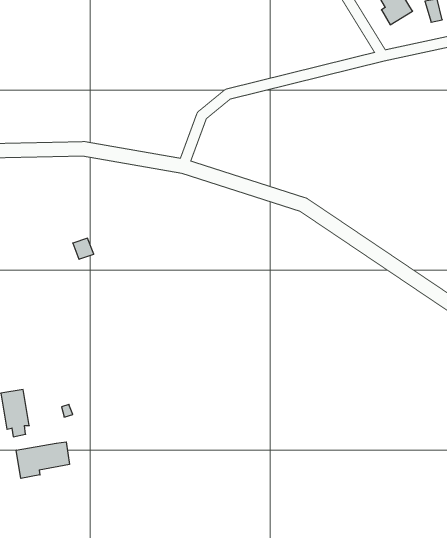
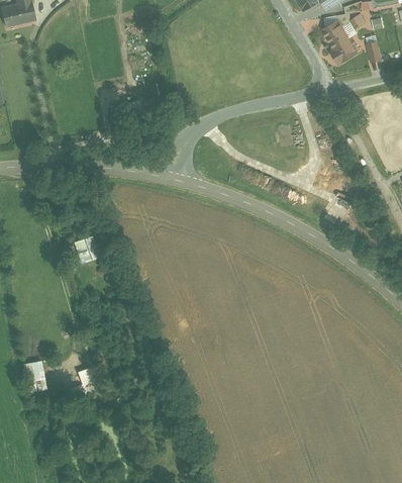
building: [16,442,69,478] -> none

